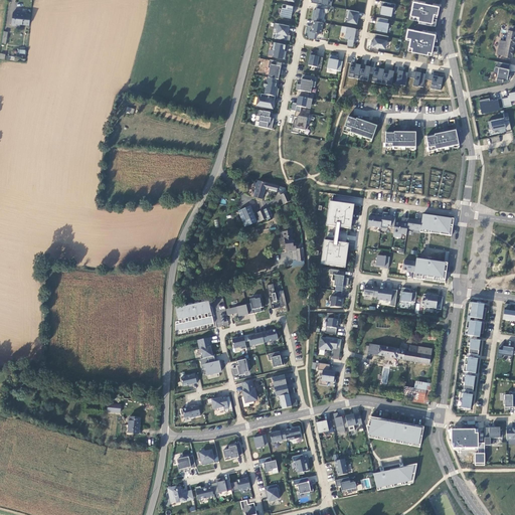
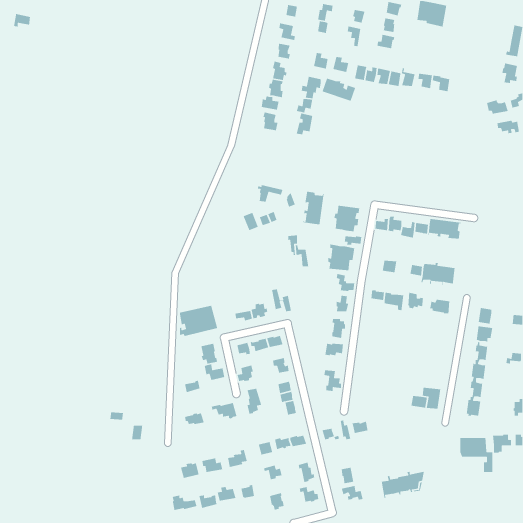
building: [405,29,438,56] -> none
building: [343,116,377,140] -> [322,77,356,102]
building: [425,130,459,151] -> none
building: [385,131,415,147] -> none
building: none -> [302,191,325,225]
building: [367,344,432,364] -> none
building: [366,416,424,445] -> none

